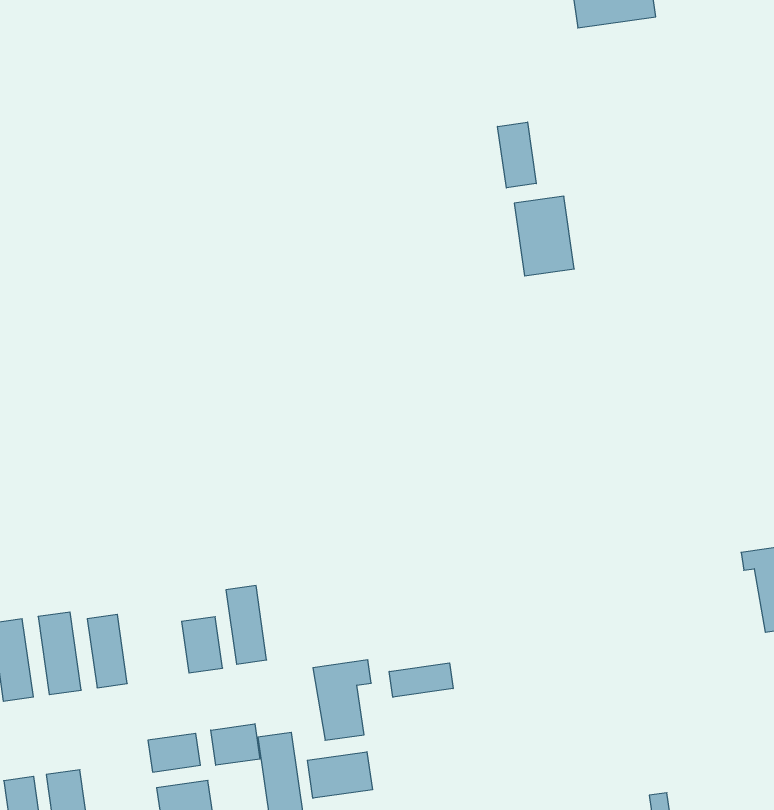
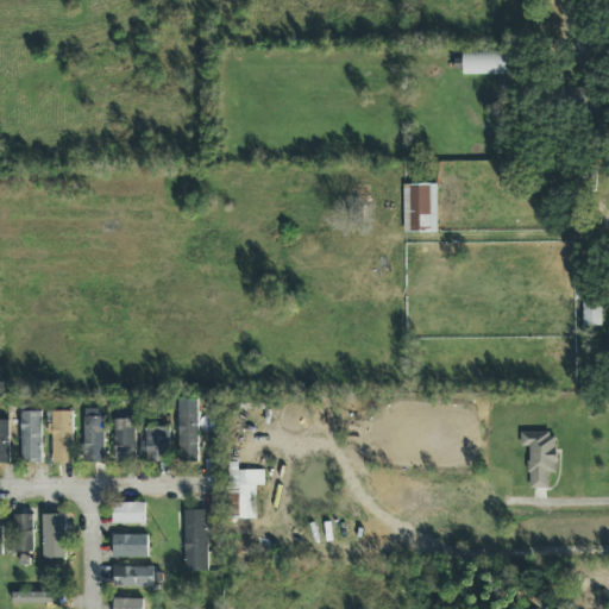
building: [498,122,536,188] -> none
building: none -> [113,417,134,460]
building: [389,663,453,697] -> none
building: [211,724,260,765] -> none
building: [307,752,372,798] -> none

